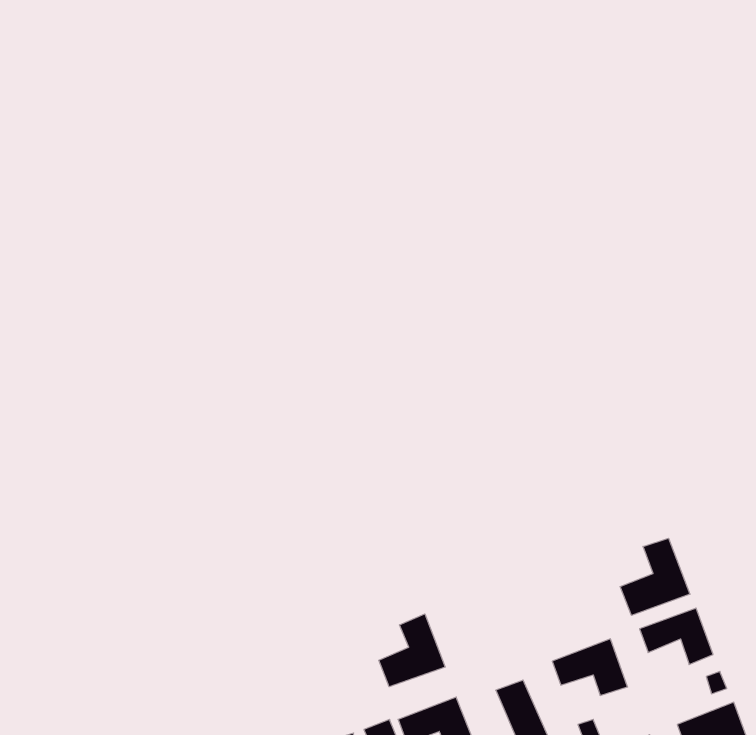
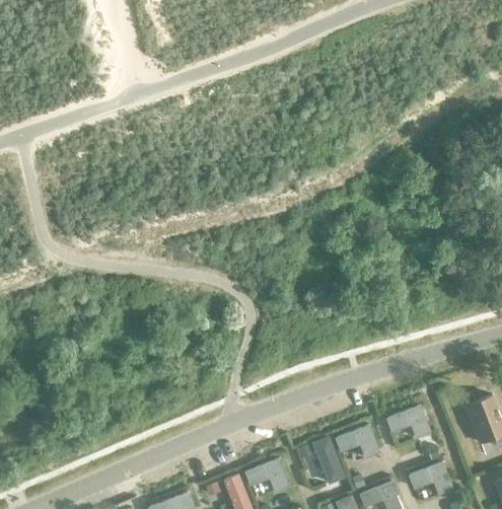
building: [620,538,690,615] -> none
building: [379,614,445,687] -> none

